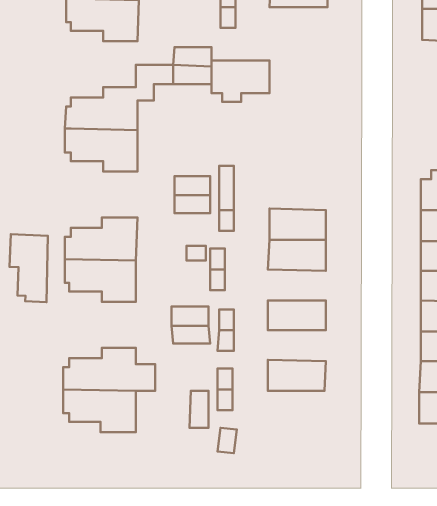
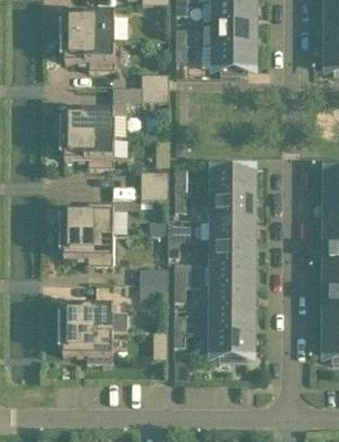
building: [212,60,269,102] -> [212,44,255,75]
building: none -> [212,165,254,196]
building: [9,234,48,302] -> none
building: none -> [210,240,254,264]
building: none -> [210,286,254,309]
building: none -> [210,331,253,362]

